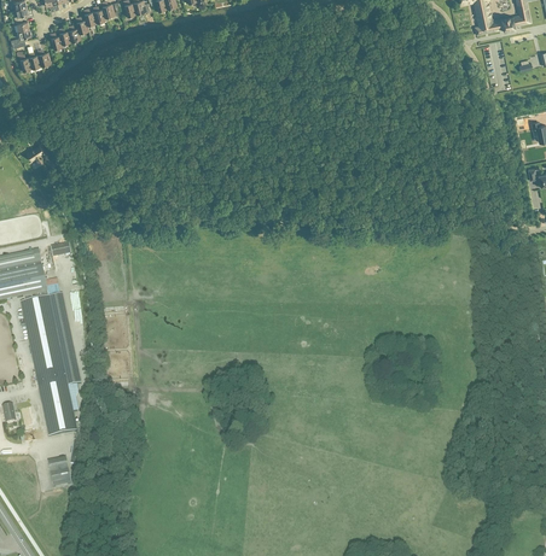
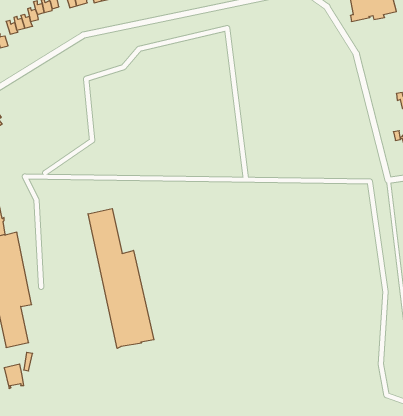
building: none -> [88,209,154,348]

